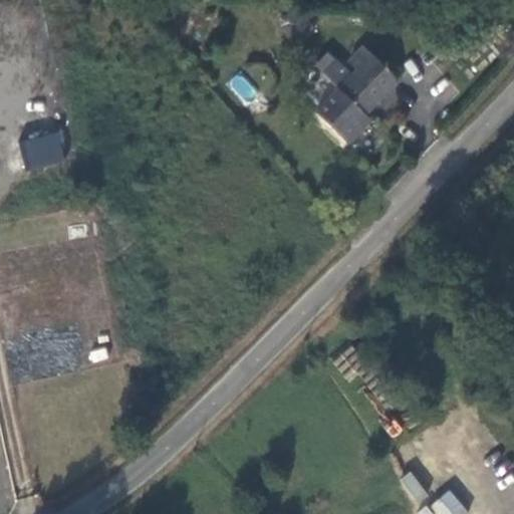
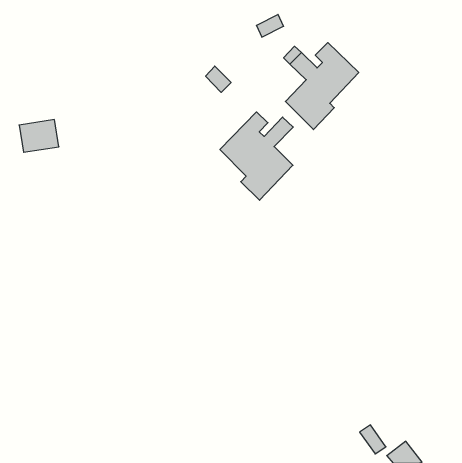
building: none -> [220,112,293,200]

